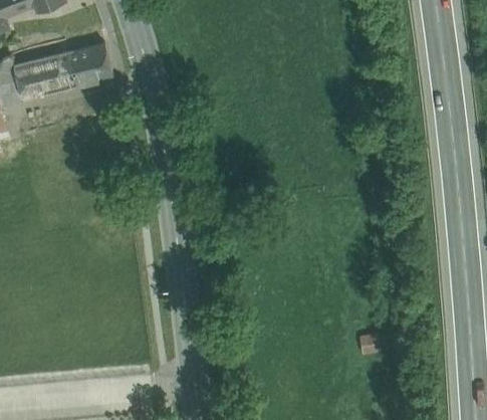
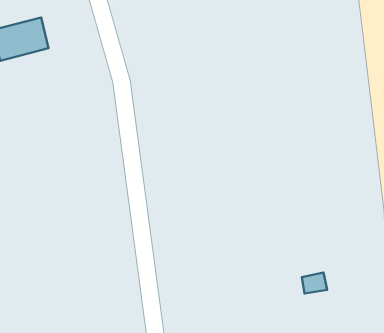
building: [66,43,111,86] -> none

